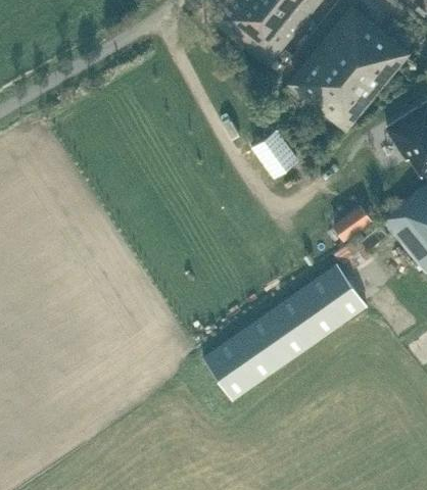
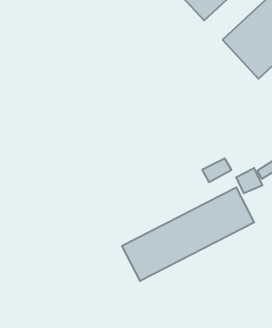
building: [254,133,299,180] -> none
building: [334,208,371,241] -> [202,158,231,182]

